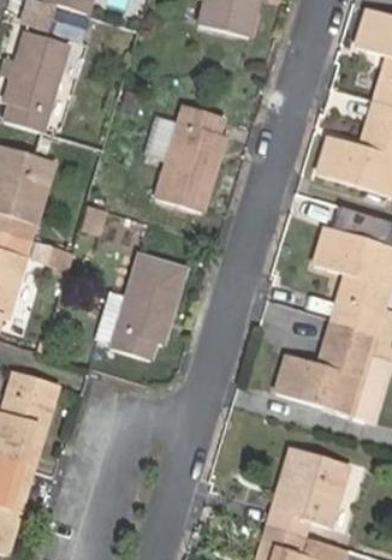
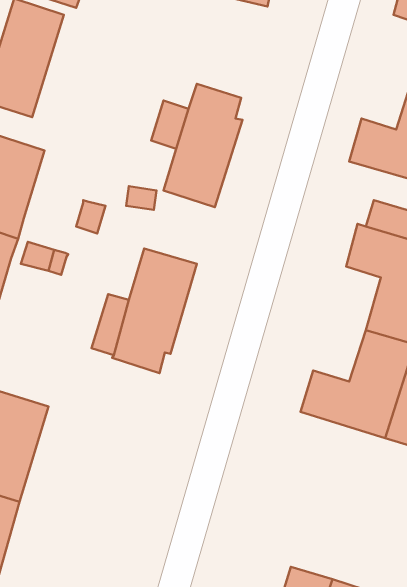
building: [267,448,348,536] -> none

